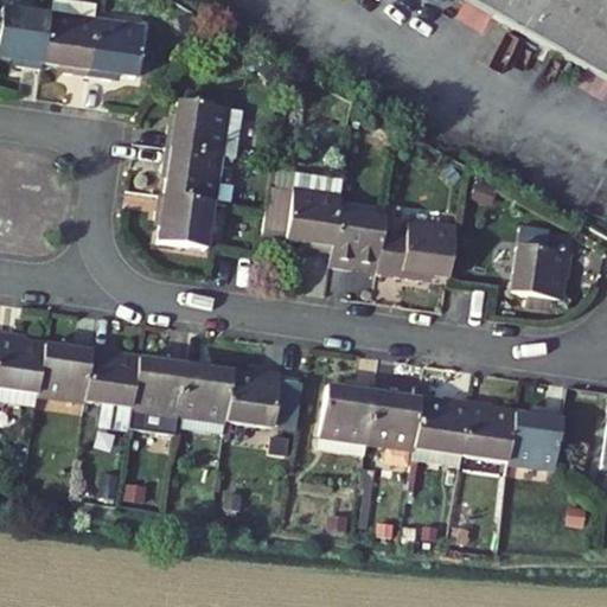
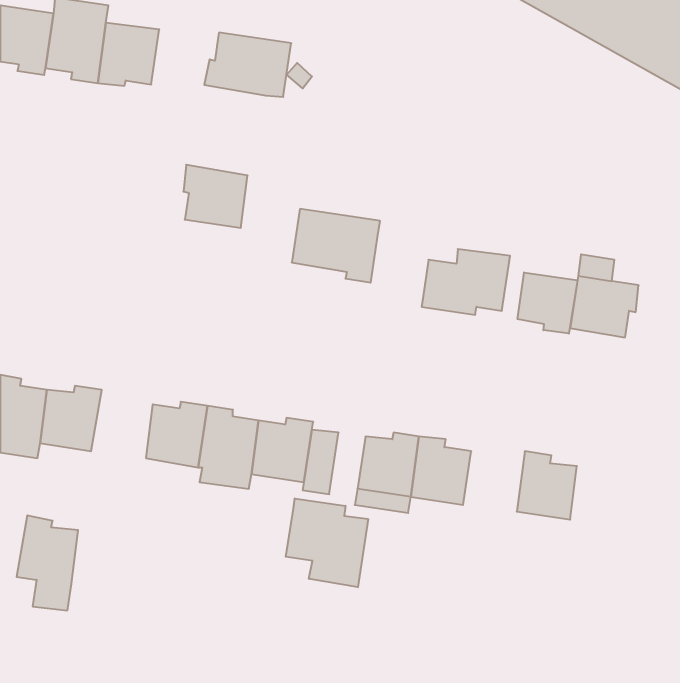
building: [168,100,245,156] -> [204,33,291,97]
building: [155,194,217,249] -> none
building: [331,210,385,268] -> none
building: none -> [518,272,578,334]
building: [84,345,139,429] -> [17,515,78,610]
building: [414,397,468,453] -> none
building: [509,410,563,467] -> none
building: none -> [286,498,368,587]

